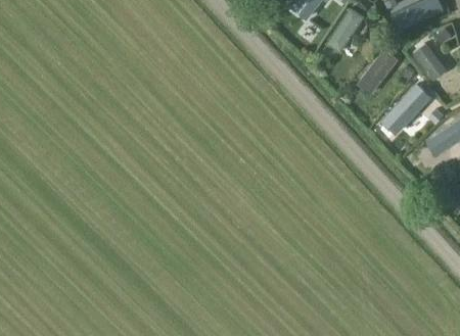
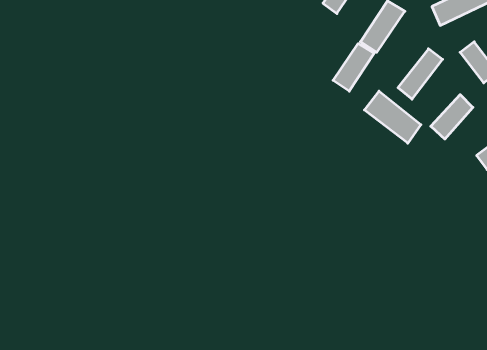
building: none -> [333,44,374,91]
building: none -> [364,91,421,143]

